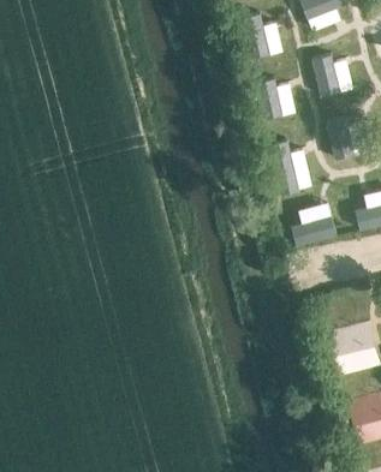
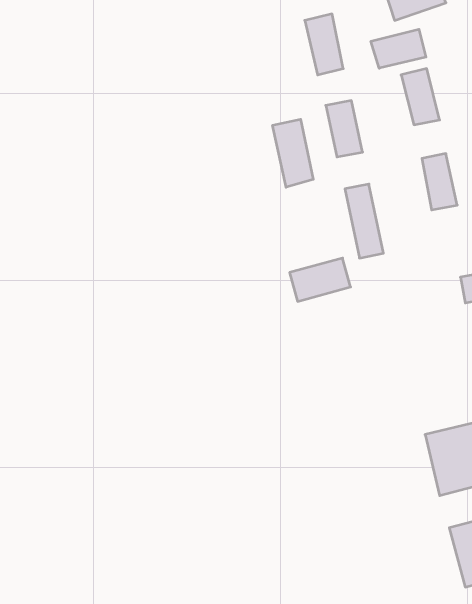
building: none -> [371,29,426,68]
building: none -> [273,119,313,187]
building: [288,220,334,252] -> [290,258,351,301]

